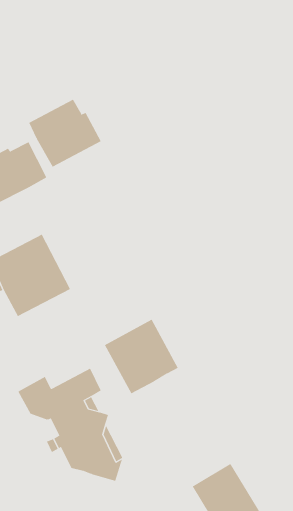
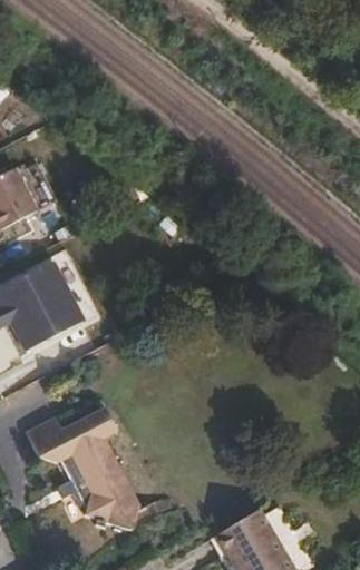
building: [28,99,101,167] -> none
building: [104,319,179,394] -> none

